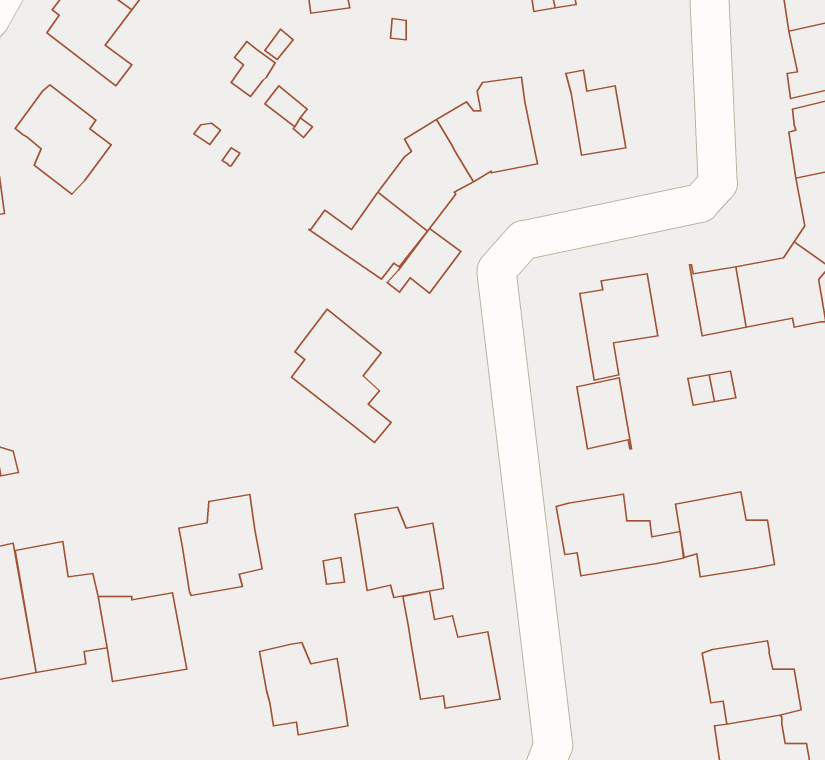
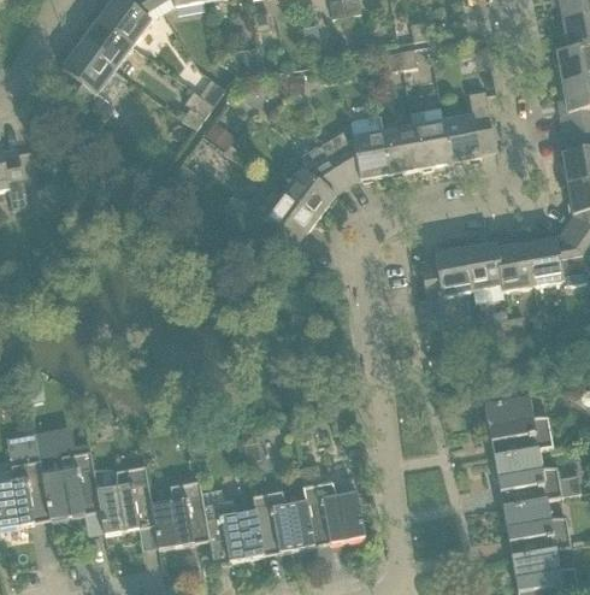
building: none -> [444,90,496,163]
building: [15,85,111,194] -> none
building: none -> [383,125,421,173]
building: [387,229,461,293] -> none
building: [291,309,391,443] -> none
building: [577,378,632,449] -> [466,242,503,290]
building: [556,494,684,576] -> [494,448,580,503]
building: [179,494,262,595] -> [151,481,207,549]
building: [355,507,443,597] -> [253,490,313,552]

